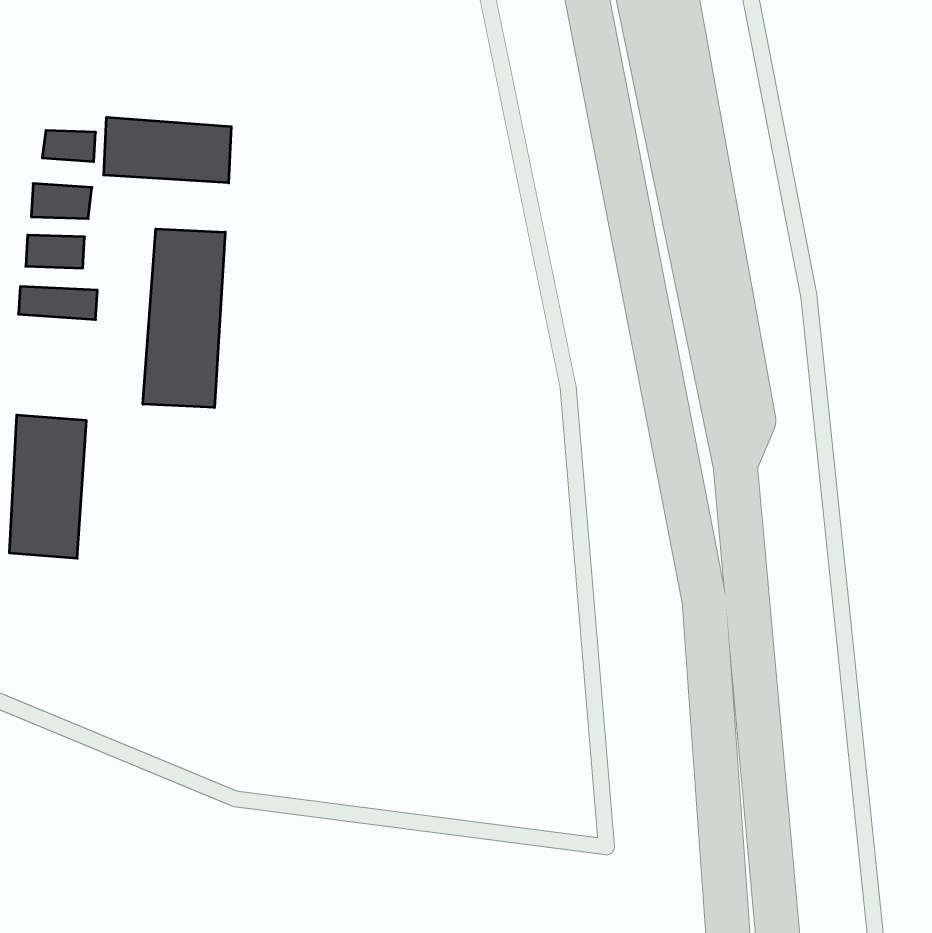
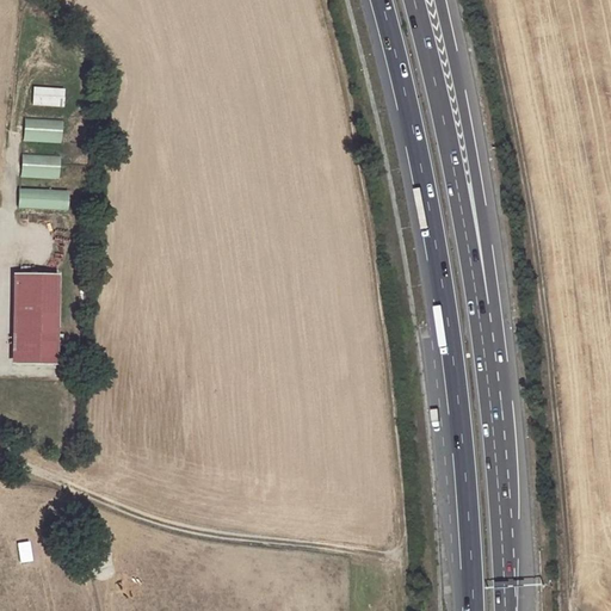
building: [104,117,231,183] -> none
building: [143,229,225,408] -> none

